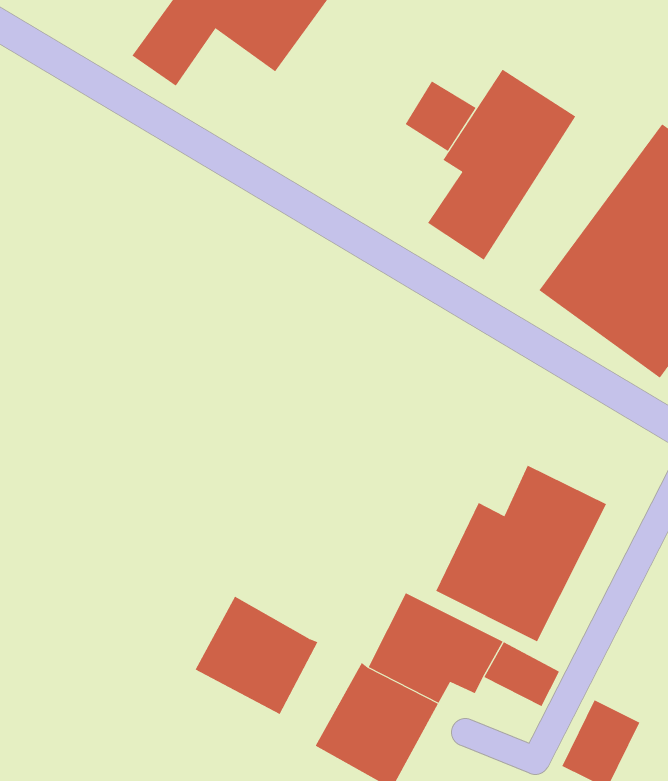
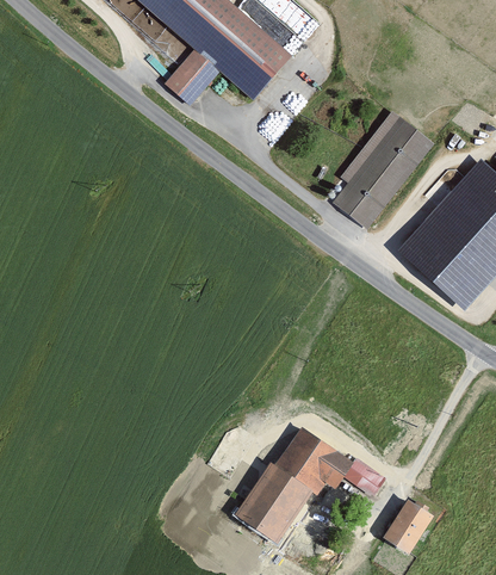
building: [405,80,476,152] -> none
building: [435,465,607,642] -> none
building: [195,596,318,715] -> none

